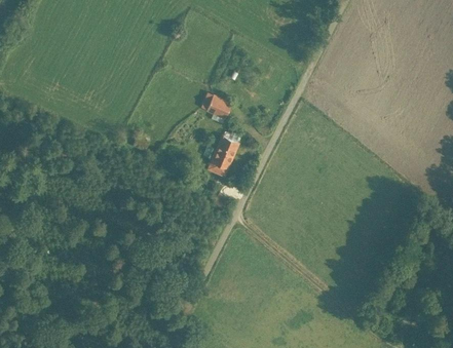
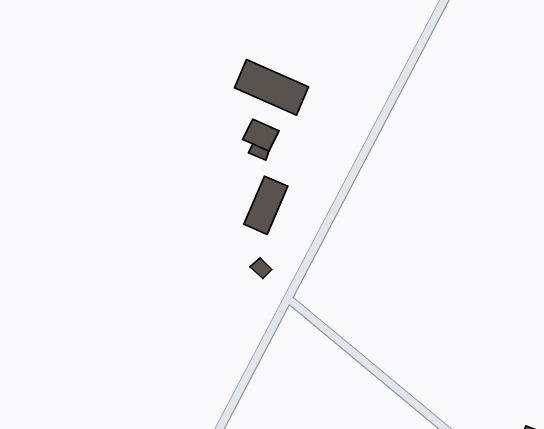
building: none -> [234,59,309,115]

